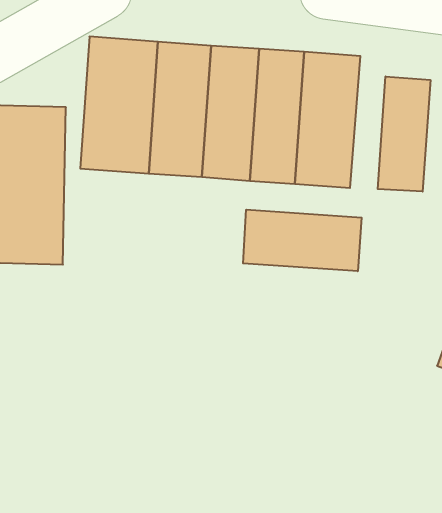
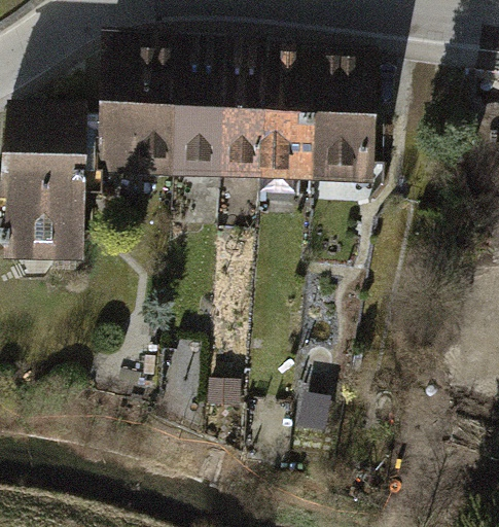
building: [378,76,430,192] -> none
building: [243,210,362,271] -> none

